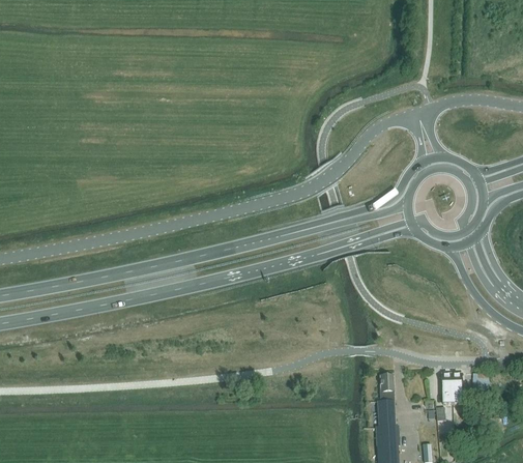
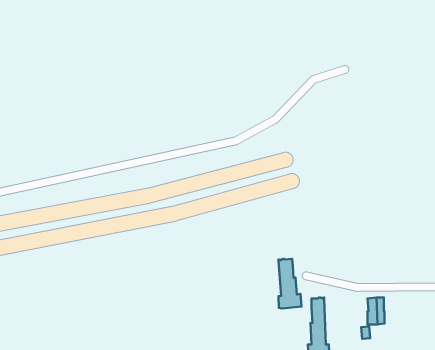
building: none -> [278,259,301,308]

